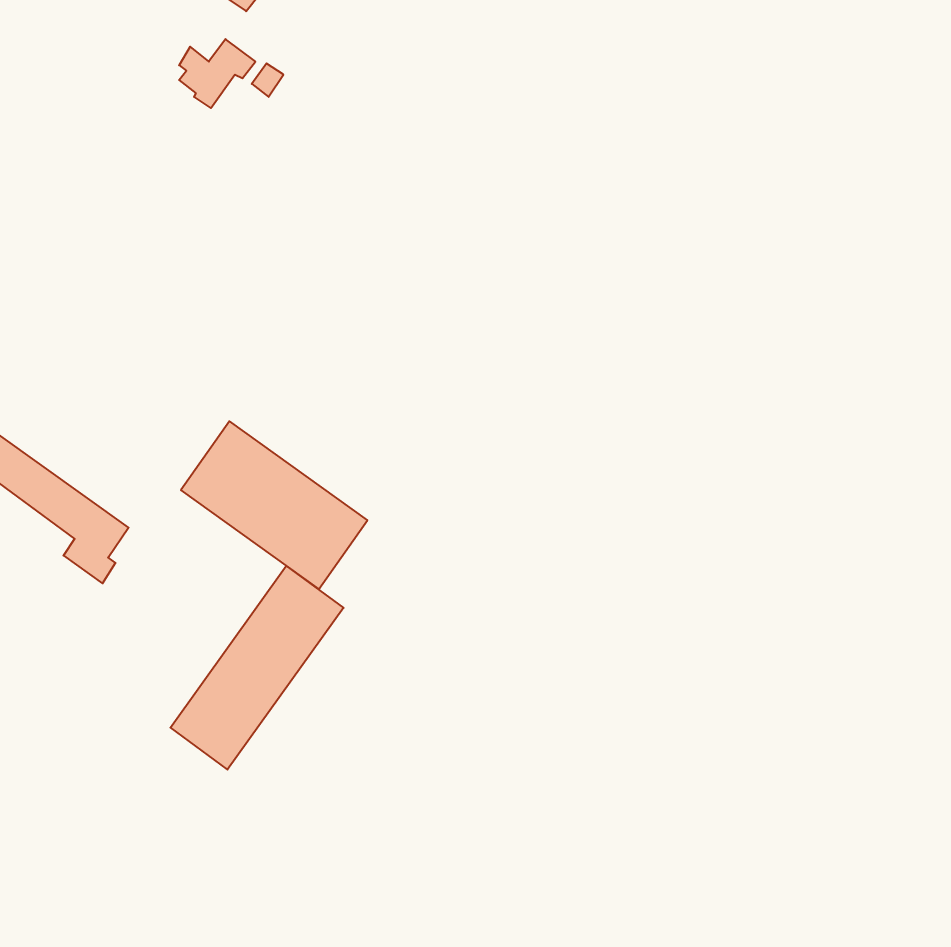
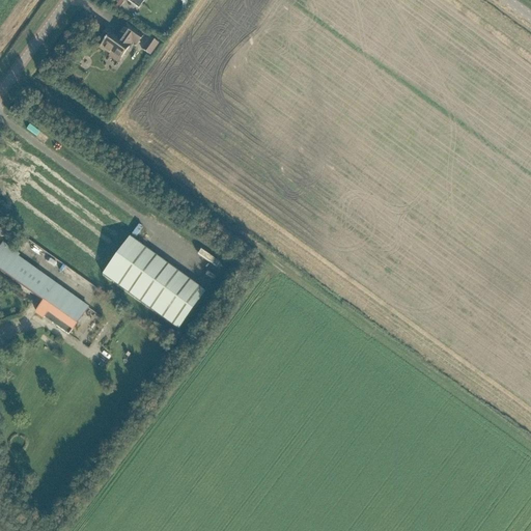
building: none -> [57,294,87,333]
building: [170,566,344,770] -> none

